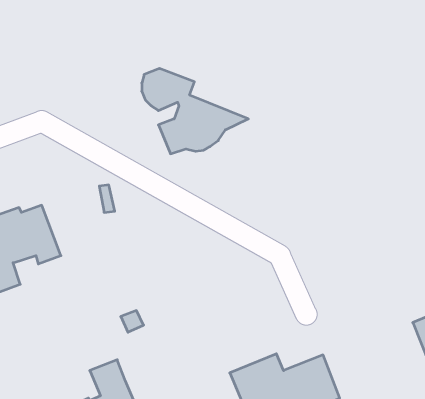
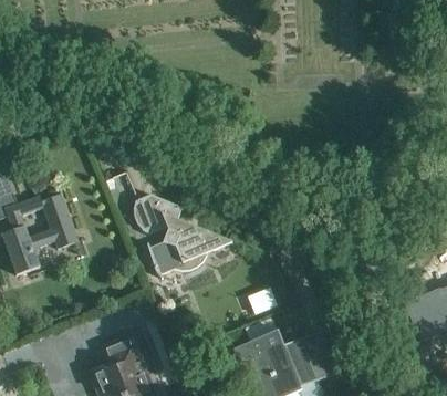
building: [142,69,248,154] -> [133,195,231,273]

